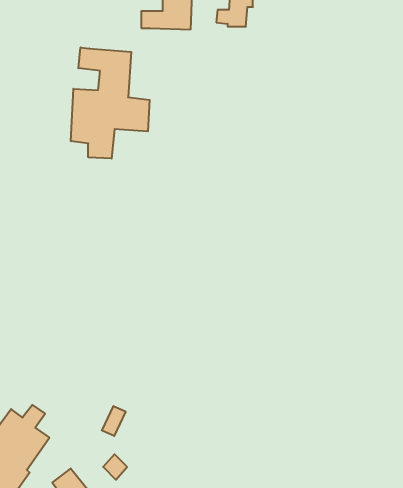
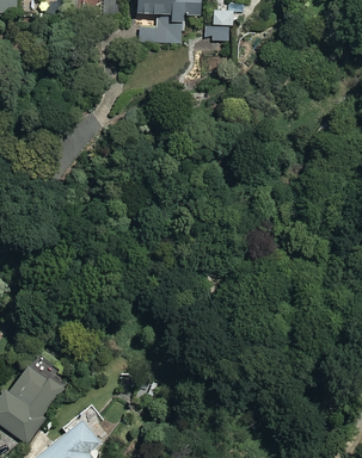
building: [71,47,150,159] -> none

